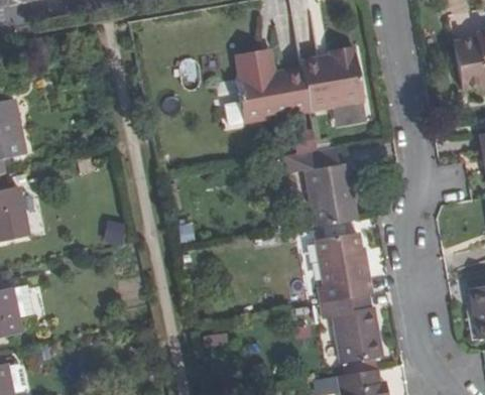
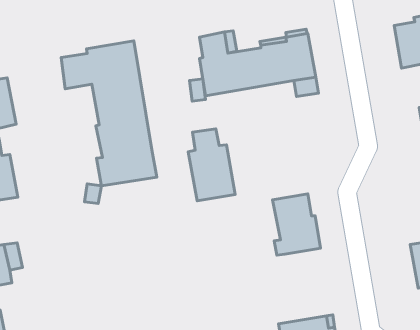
building: none -> [61,41,157,186]
building: [304,145,357,227] -> [188,129,235,201]
building: [330,294,381,367] -> none

